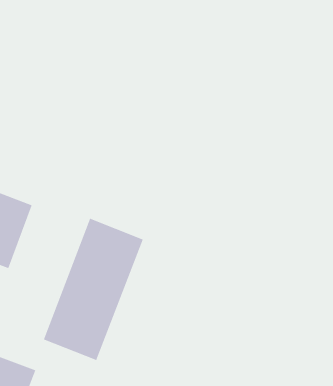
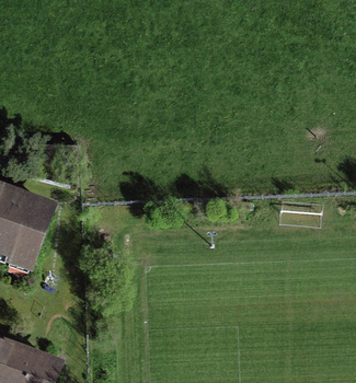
building: [43,218,143,361] -> none

